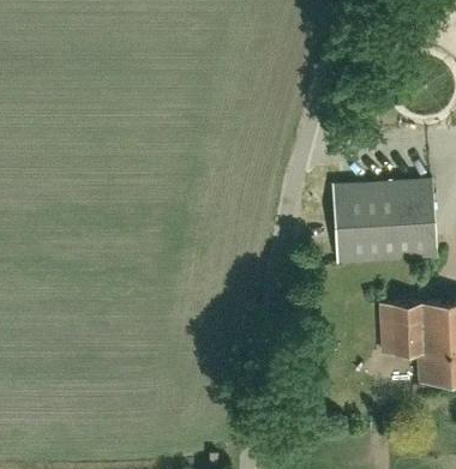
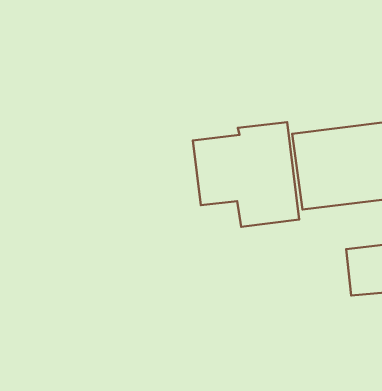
building: none -> [193,122,299,227]

